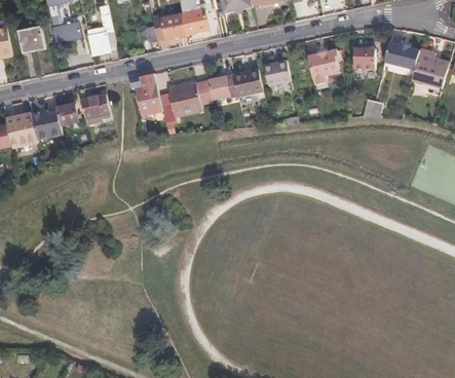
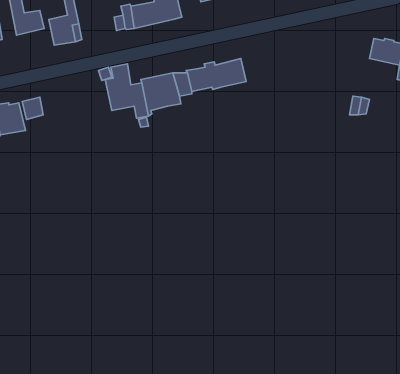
building: [310,48,341,83] -> none
building: [354,49,376,69] -> none
building: [266,59,292,82] -> none
building: [83,92,113,123] -> none

